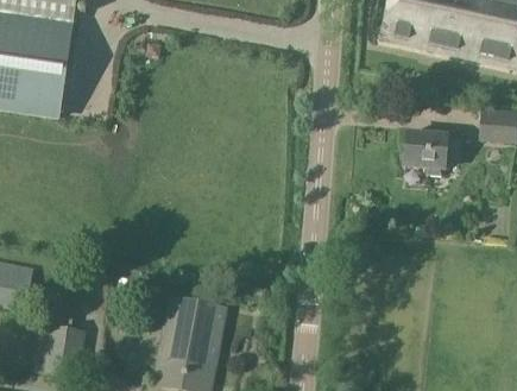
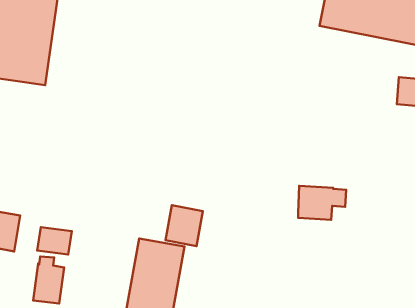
building: [405,131,462,171] -> [298,186,346,220]
building: none -> [166,205,203,246]
building: none -> [37,227,72,255]

